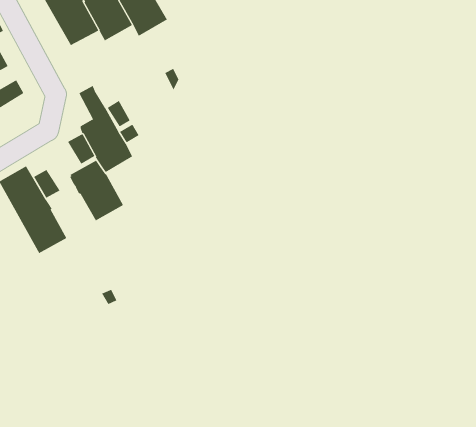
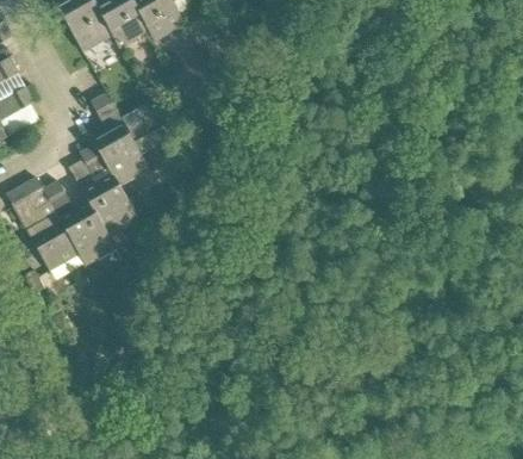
building: none -> [60,200,117,265]

